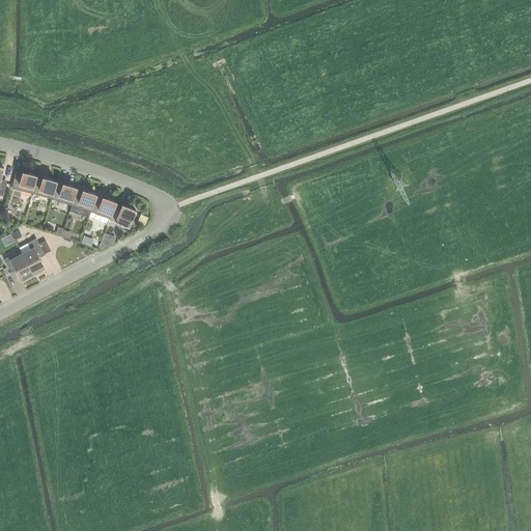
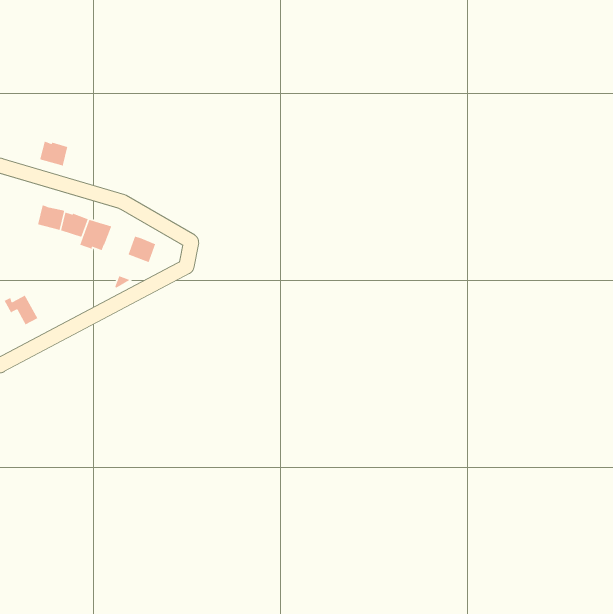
building: [12,171,37,194] -> [39,141,68,167]
building: [91,196,117,220] -> none
building: [23,239,46,276] -> none

